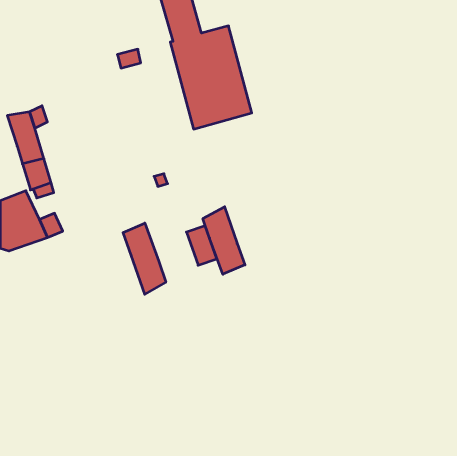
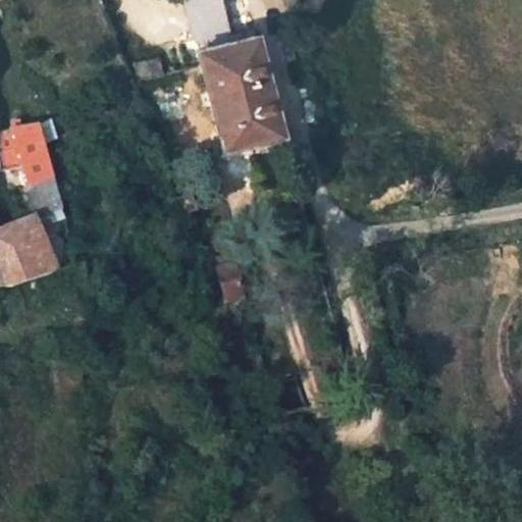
building: [203,207,245,274] -> none
building: [123,223,166,294] -> none

